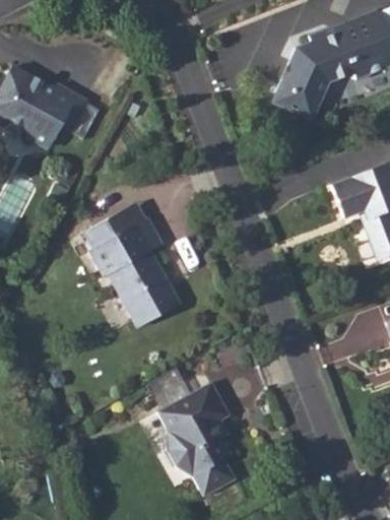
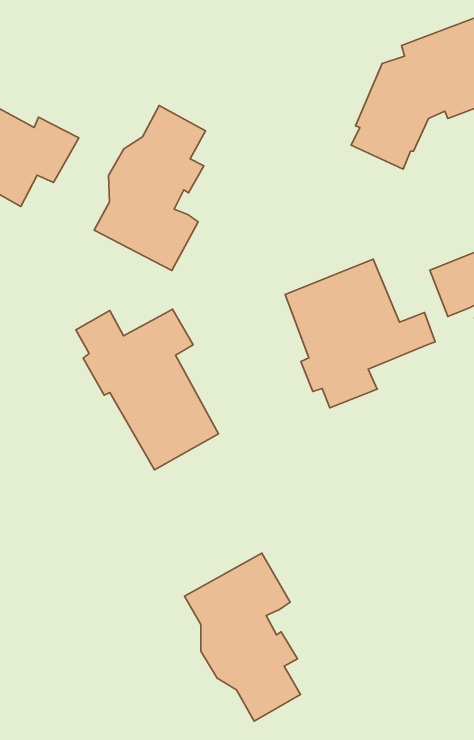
building: none -> [94,106,206,271]
building: none -> [285,259,435,408]

